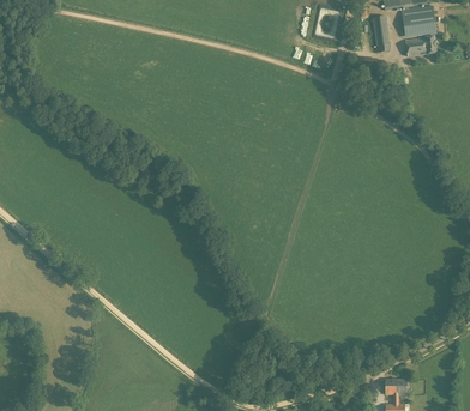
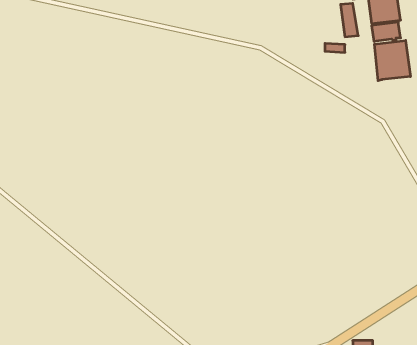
building: none -> [375,40,410,81]

